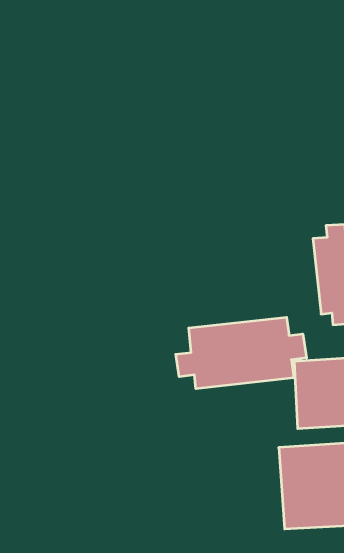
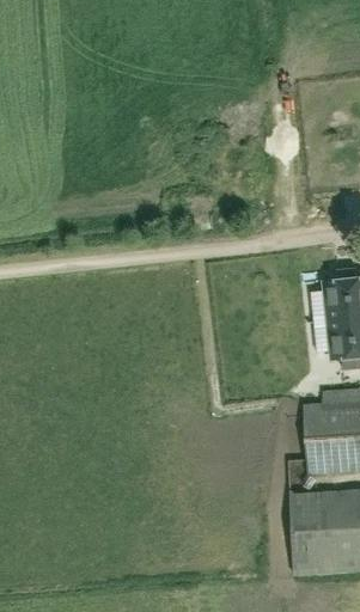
building: [176,317,307,389] -> none

